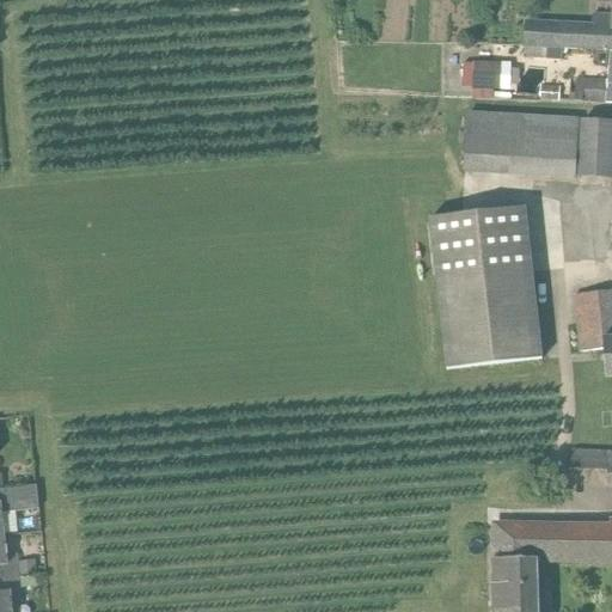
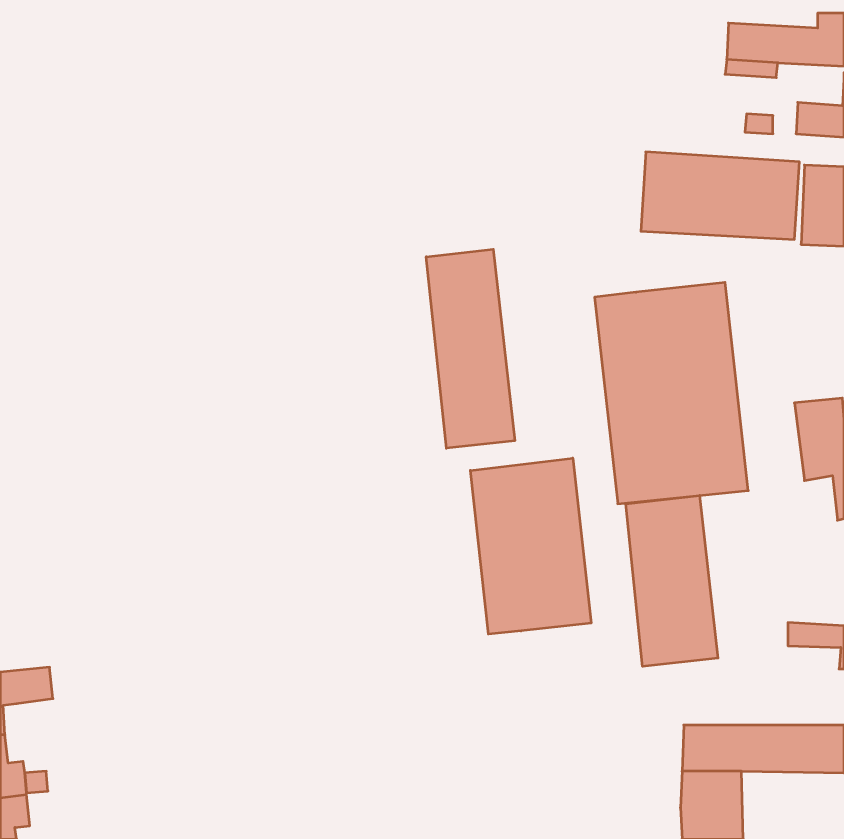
building: [473,60,502,88] -> none
building: none -> [426,249,515,448]
building: none -> [470,458,591,634]
building: none -> [626,495,718,666]

